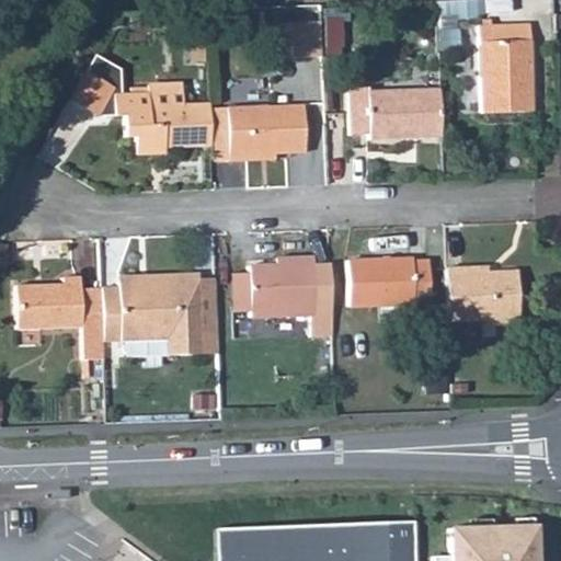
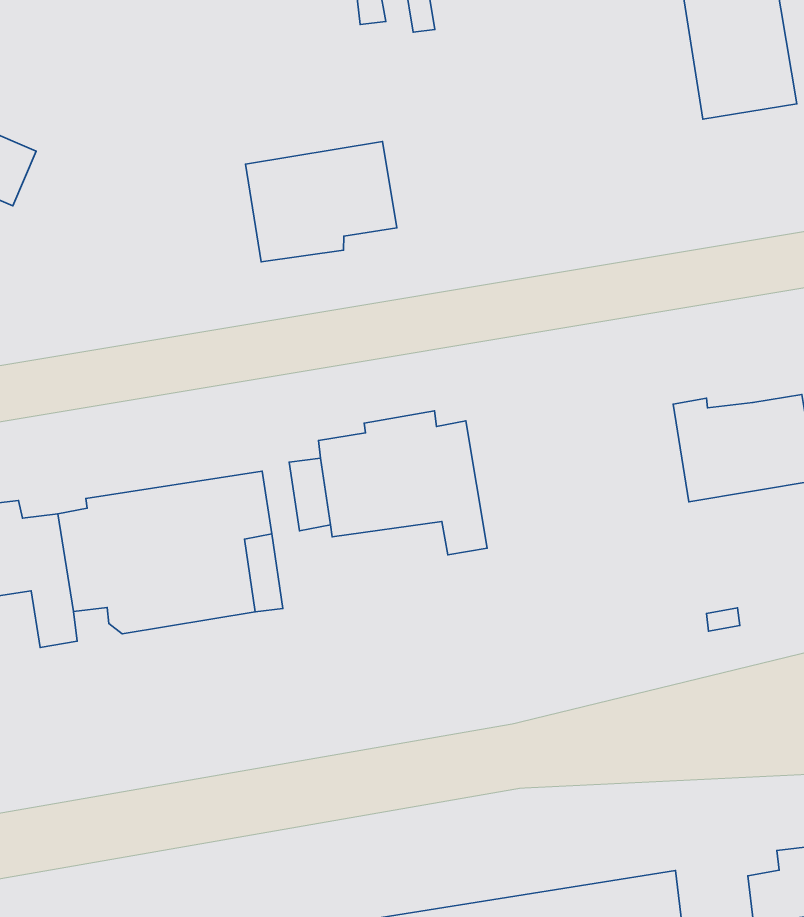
building: [114,82,211,154] -> none
building: [348,88,443,138] -> none
building: [348,255,432,306] -> none

